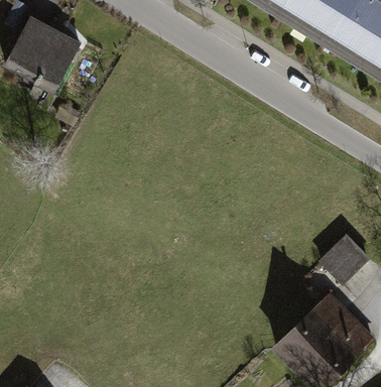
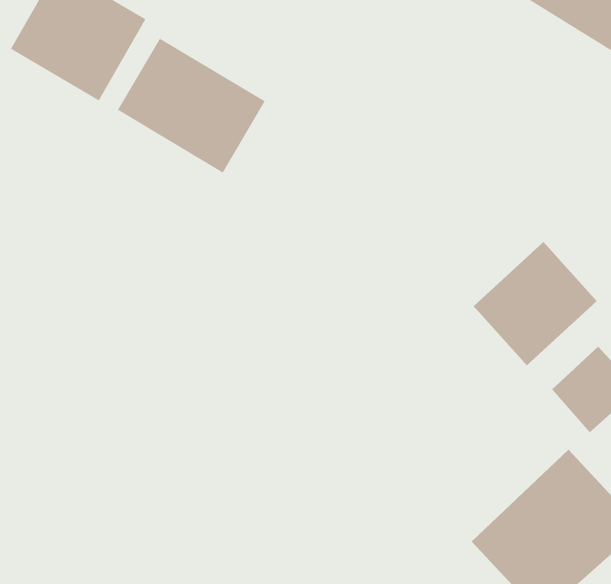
building: none -> [117,38,266,173]
building: none -> [473,241,597,366]

